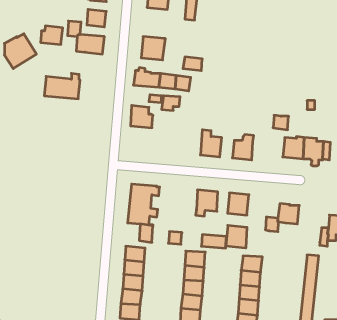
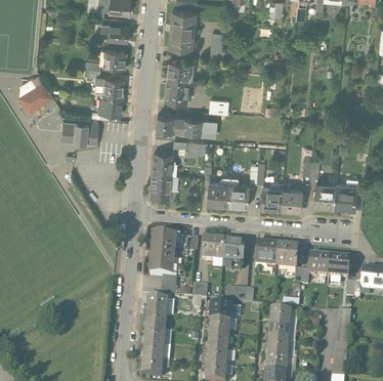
building: none -> [166,56,194,78]
building: [41,26,63,44] -> [99,92,123,112]
building: none -> [151,170,177,195]
building: none -> [206,174,228,201]
building: none -> [281,186,303,208]
building: none -> [203,237,223,258]
building: none -> [329,254,350,274]
building: [226,225,247,248] -> [275,243,298,266]

